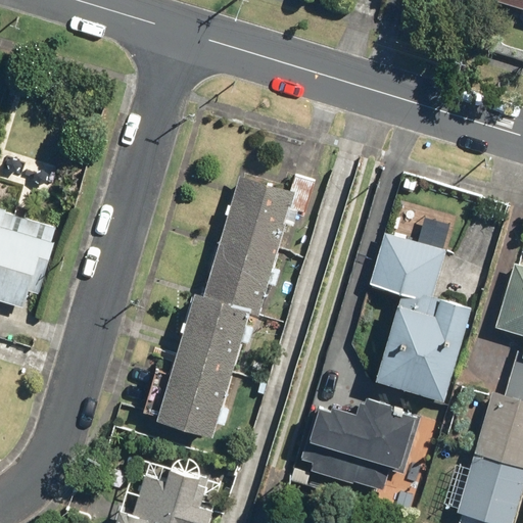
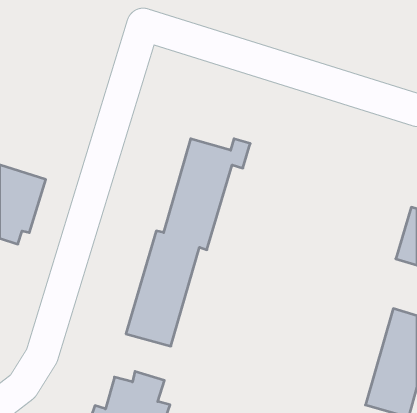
building: [370,223,471,400] -> none
building: [303,398,422,494] -> none

